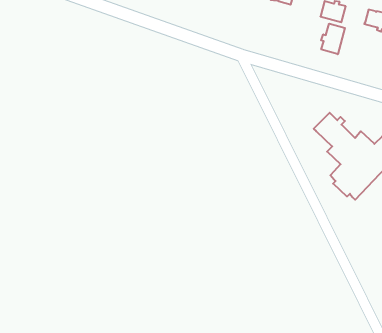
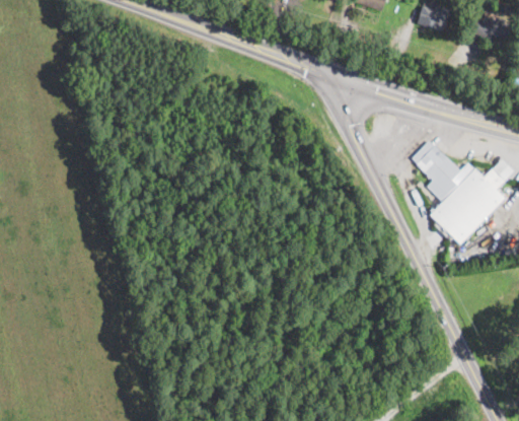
building: [321,24,345,54] -> none

